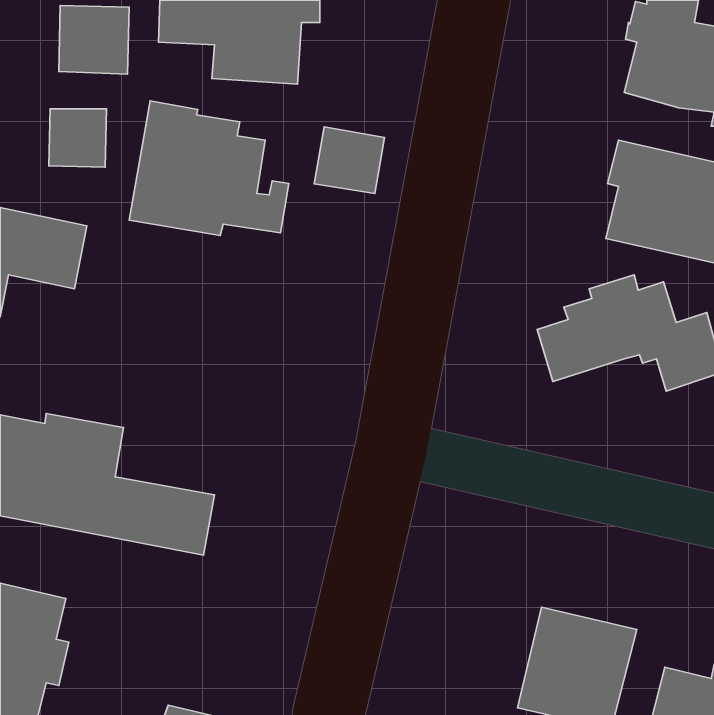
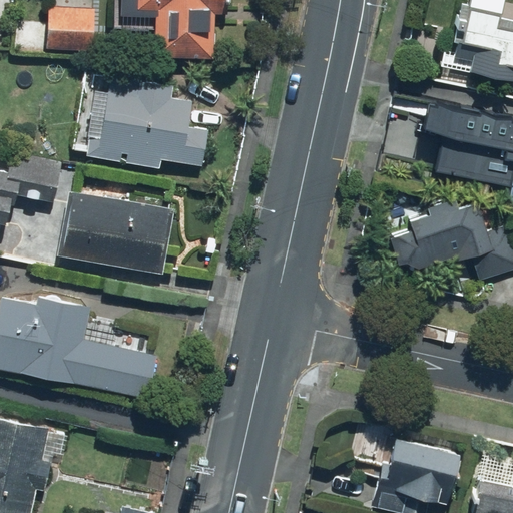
building: [49,109,106,167] -> none
building: [314,127,385,193] -> none
building: none -> [56,192,168,270]

